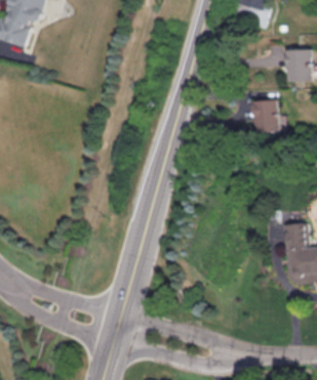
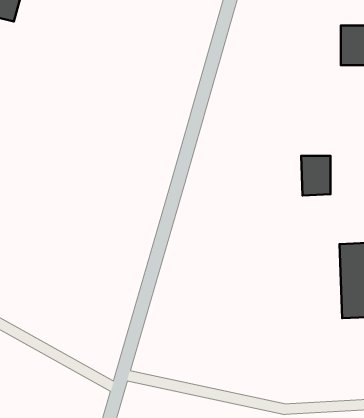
building: [253,101,277,133] -> [301,156,331,195]

